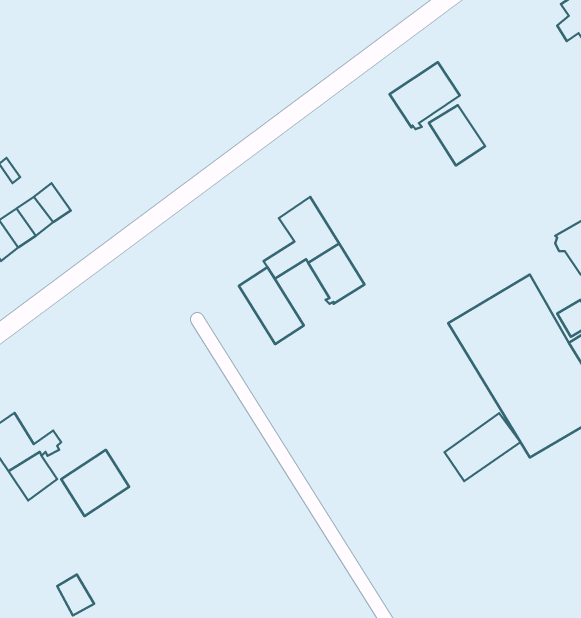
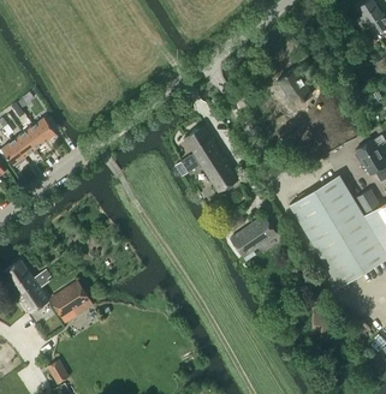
building: [390,62,460,129] -> none
building: [239,267,304,344] -> none
building: [445,413,520,481] -> [231,216,278,258]

